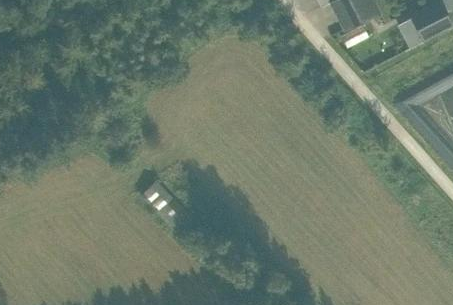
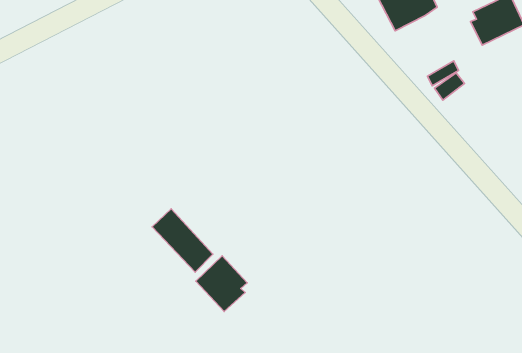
building: none -> [196,256,247,312]

